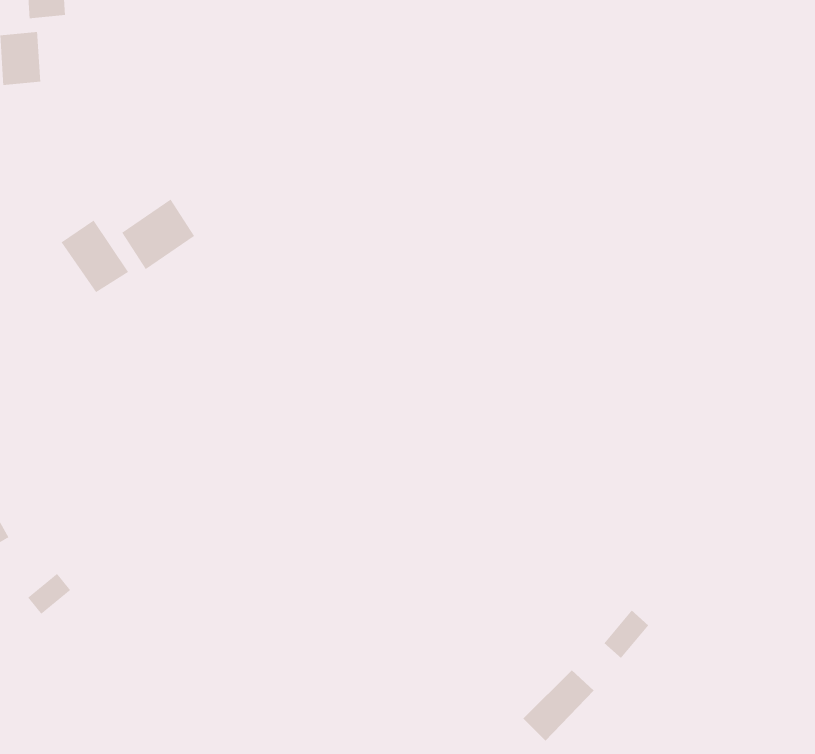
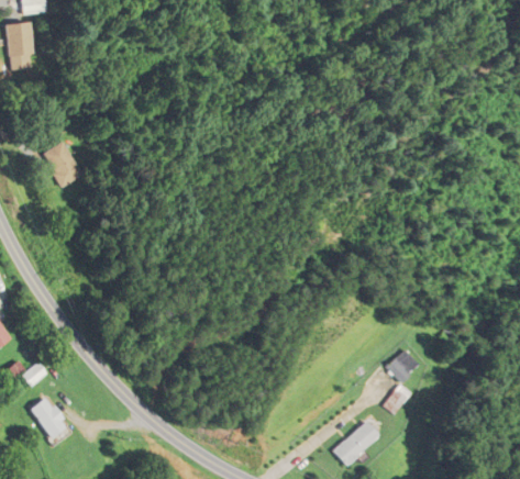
building: [121,199,195,270] -> none
building: none -> [388,350,419,381]
building: none -> [32,397,68,438]

